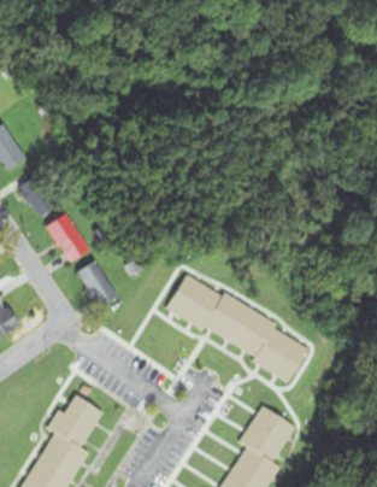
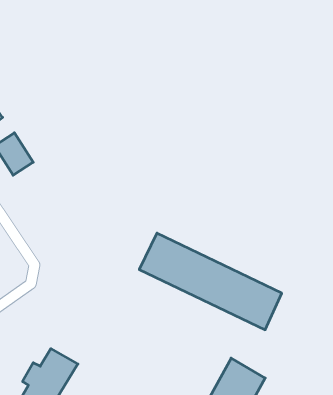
building: [46,215,88,263] -> none
building: [75,260,117,310] -> none

